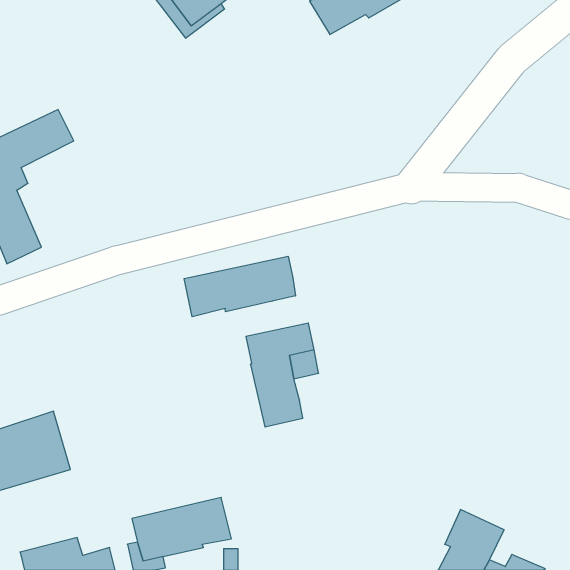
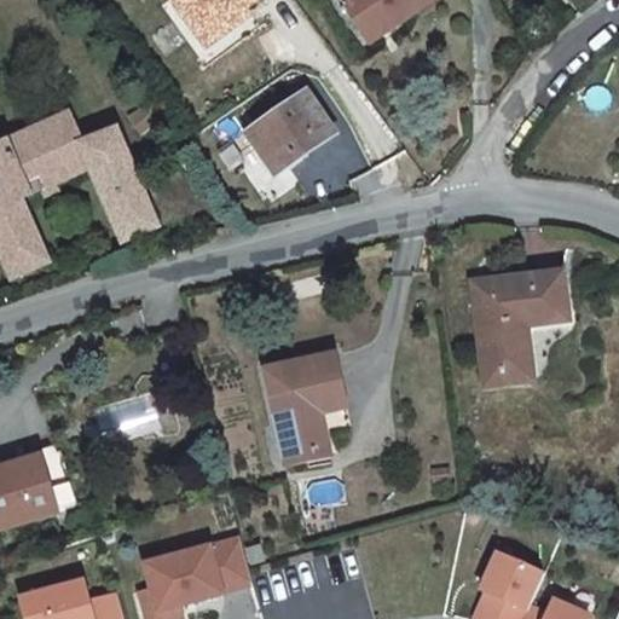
building: none -> [243,91,332,169]
building: none -> [80,135,160,243]
building: none -> [472,273,563,381]
building: [184,256,295,317] -> none

